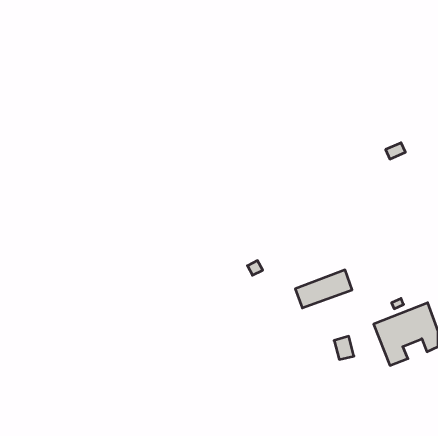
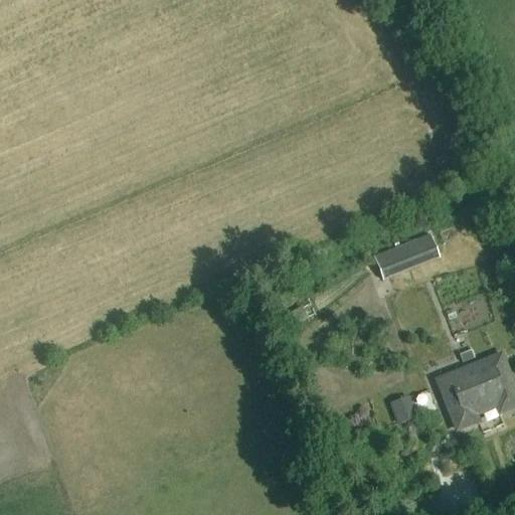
building: [295,270,352,308] -> [374,235,441,280]

